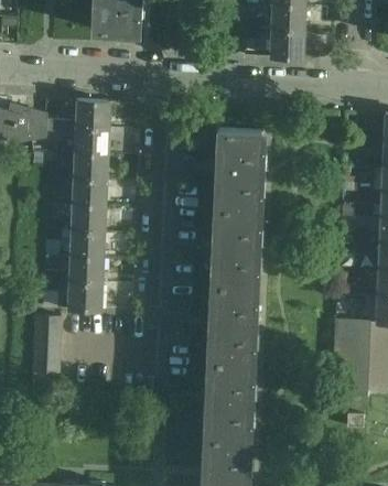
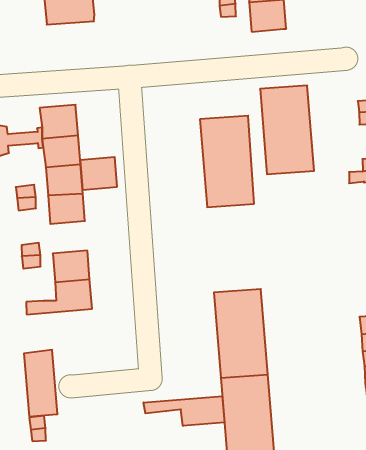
building: [73,206,105,234] -> [80,157,117,190]
building: [211,208,256,287] -> [260,86,314,174]
building: [43,283,101,311] -> none
building: none -> [144,396,224,426]

